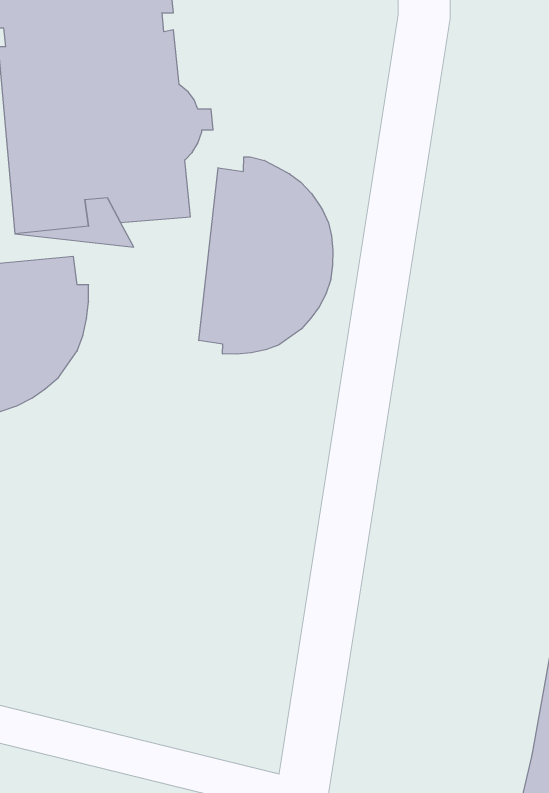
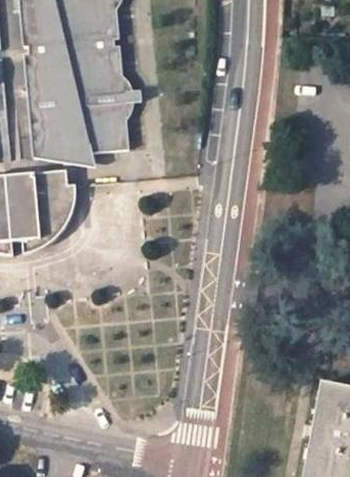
building: [199,157,333,354] -> none

